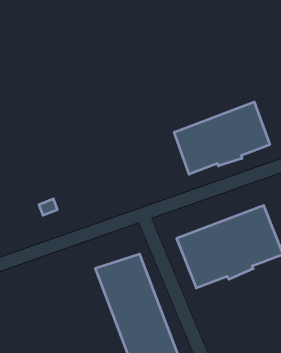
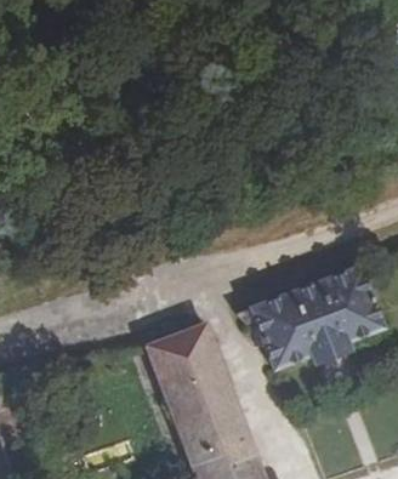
building: [174,102,270,174] -> none

